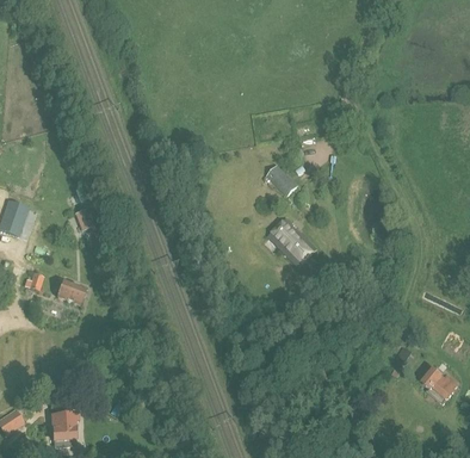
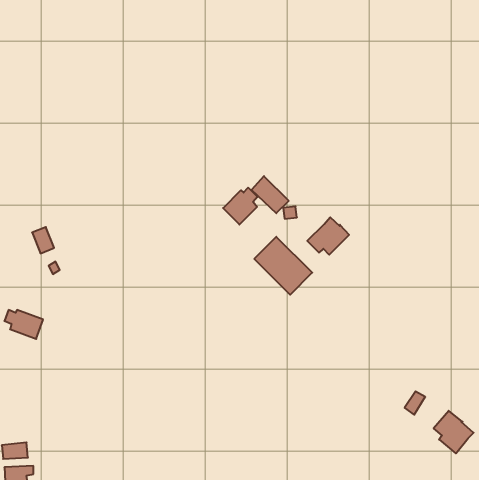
building: none -> [223,188,258,225]
building: none -> [307,217,349,255]

